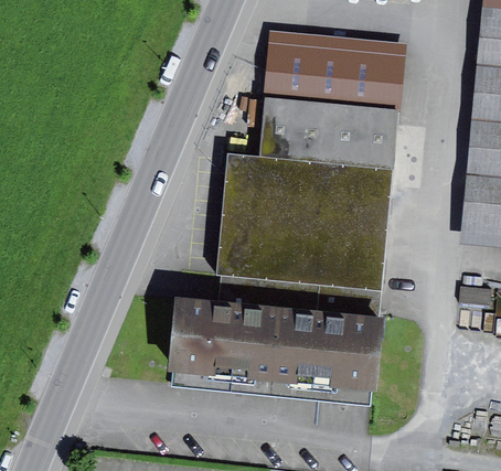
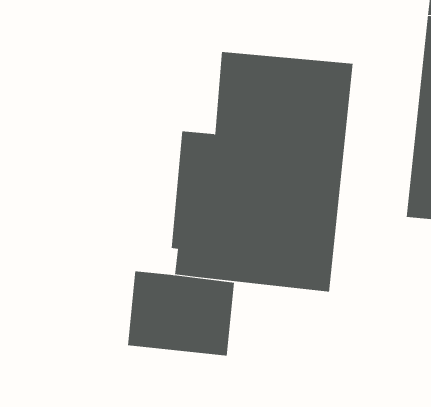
building: [267,31,408,86] -> none
building: [274,312,386,399] -> none

